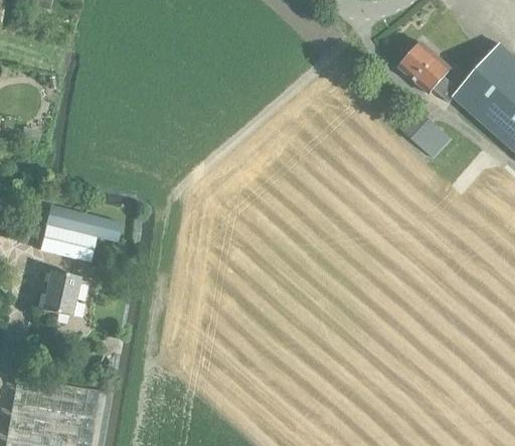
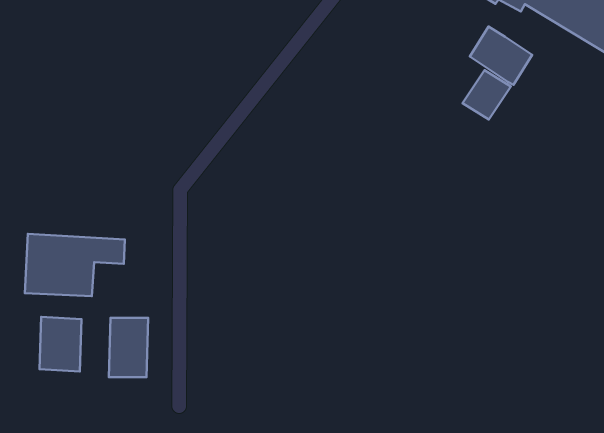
building: none -> [463,70,511,120]
building: none -> [109,318,148,377]

